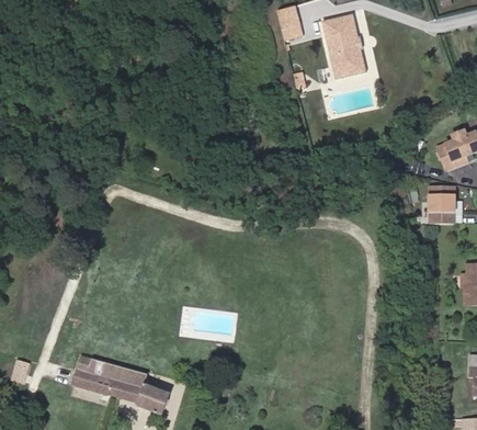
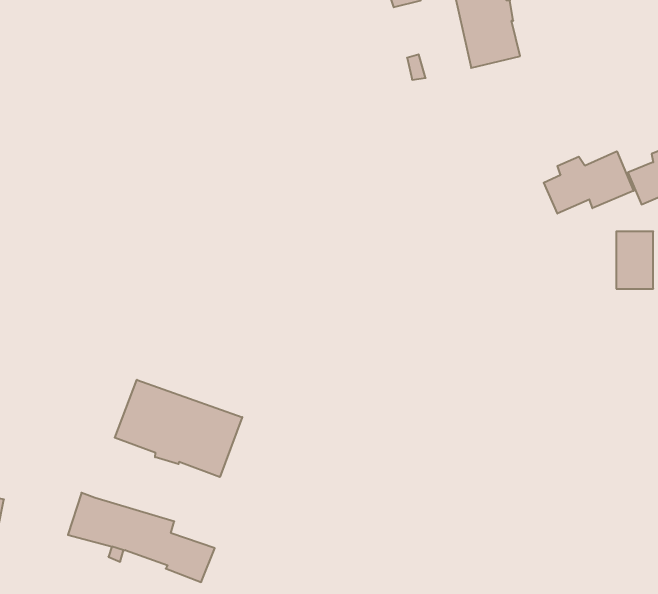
building: none -> [544,151,634,214]
building: none -> [115,380,242,477]

